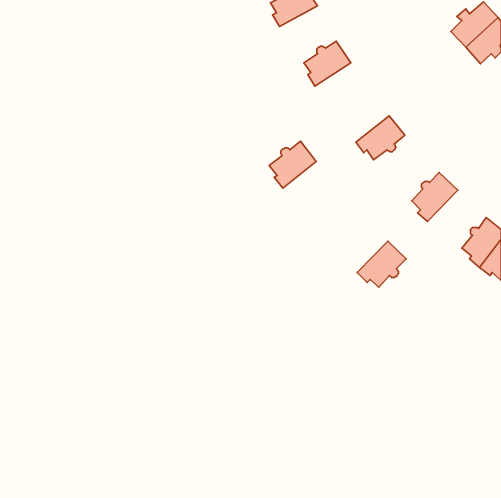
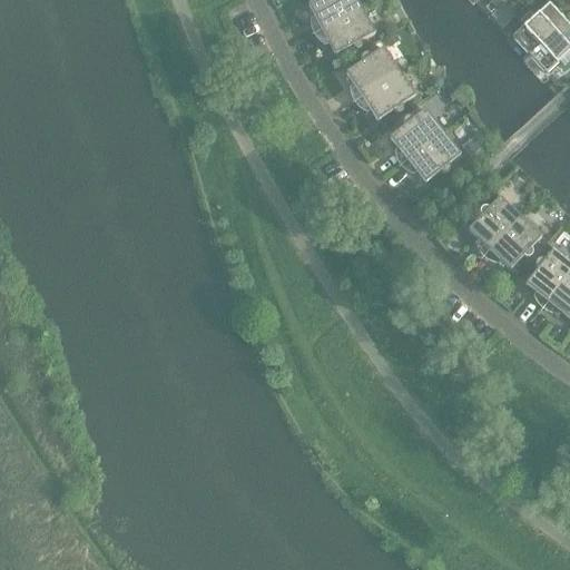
building: none -> [317,7,374,53]
building: none -> [357,71,414,120]
building: [269,141,316,188] -> [389,108,442,161]
building: [357,241,406,287] -> [485,216,541,268]

